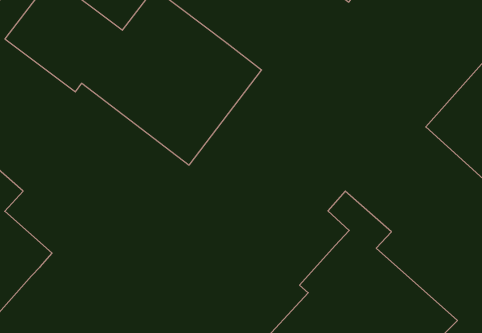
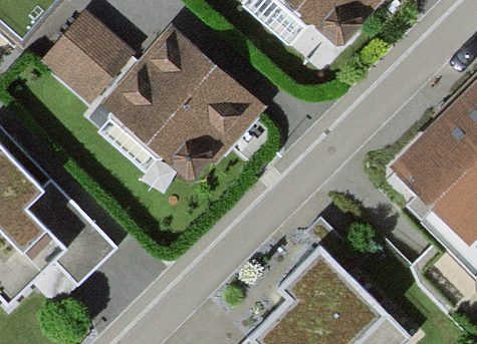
building: none -> [27,182,118,284]

